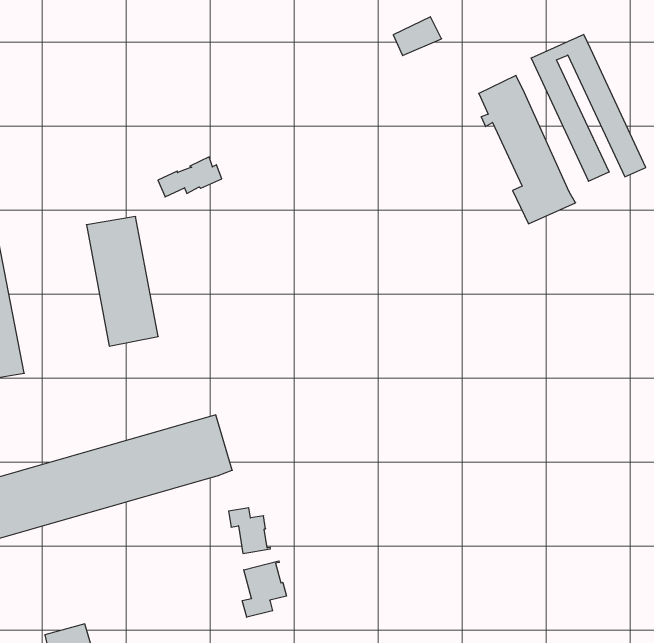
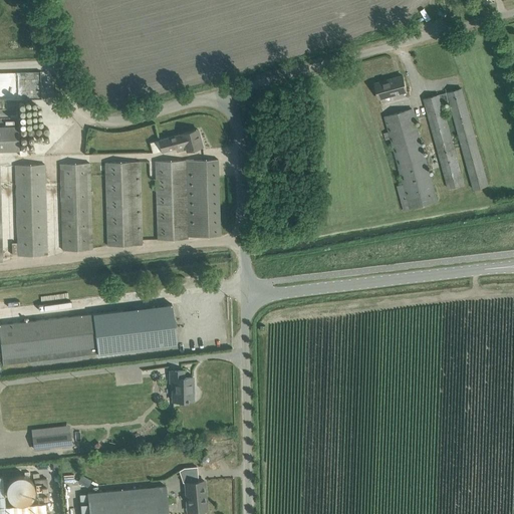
building: [393,17,442,56] -> [374,76,407,99]
building: none -> [155,160,219,241]
building: none -> [59,164,90,251]
building: [242,561,286,617] -> none

